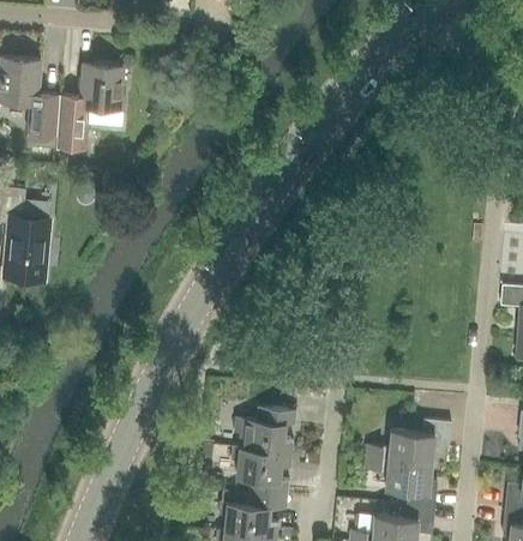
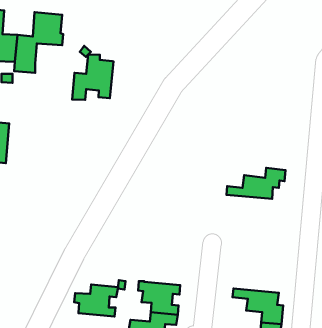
building: none -> [72,55,113,100]
building: [234,407,296,452] -> [74,285,118,317]
building: [367,419,451,463] -> [226,168,286,199]

